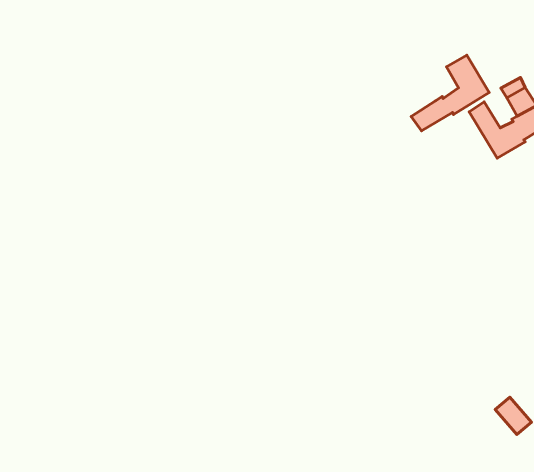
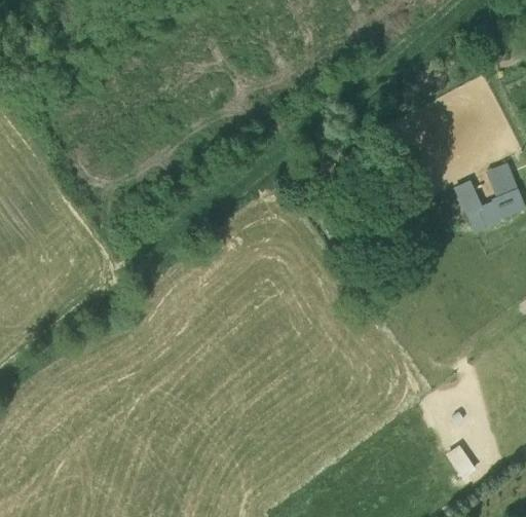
building: [411,55,489,131] -> none

